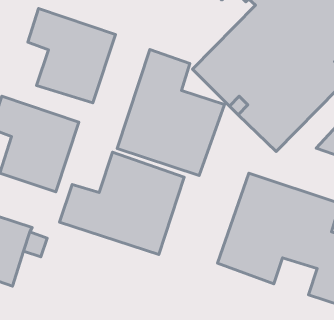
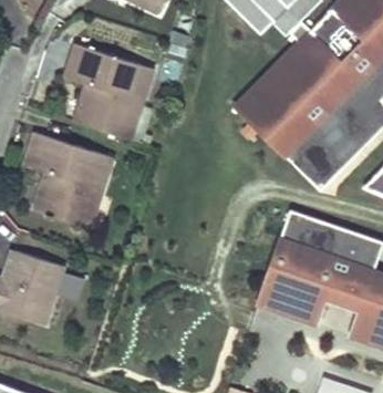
building: [117,50,225,176] -> none
building: [59,152,184,254] -> none

